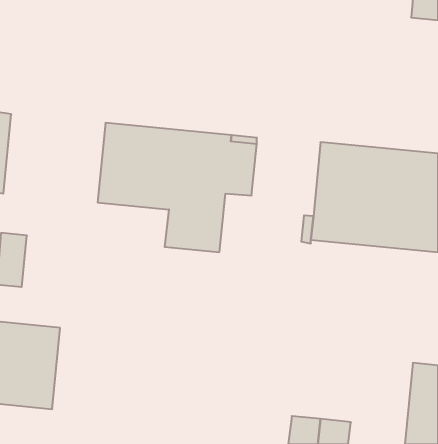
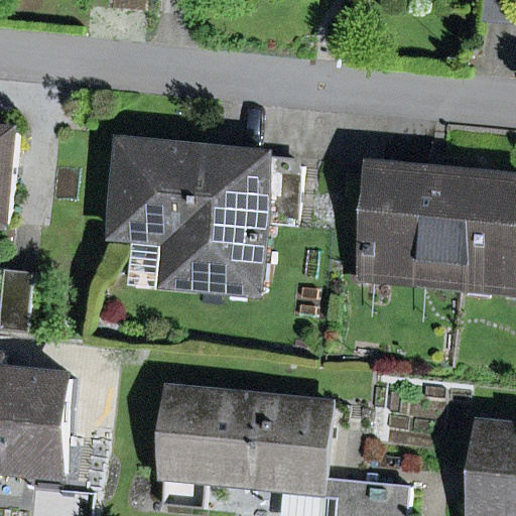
building: none -> [161,389,327,490]

